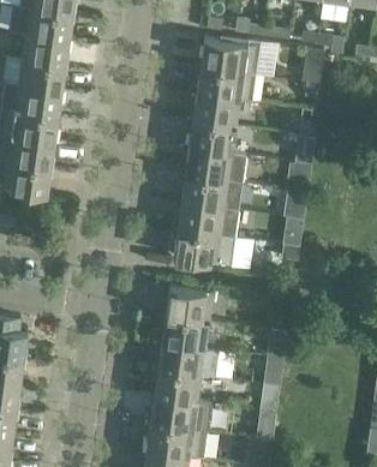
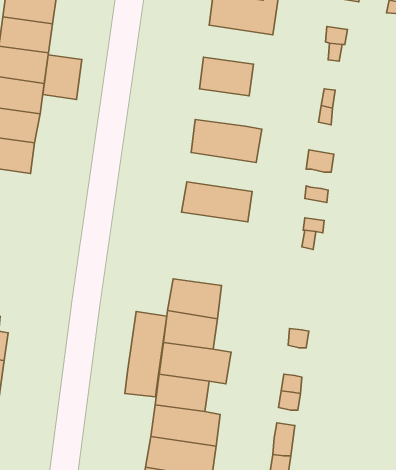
building: [196,66,256,102] -> none
building: none -> [43,55,82,99]
building: [189,121,235,154] -> none
building: [181,176,241,210] -> none
building: [173,228,234,265] -> none
building: none -> [125,311,167,397]

